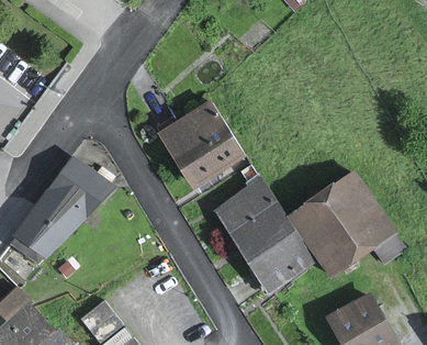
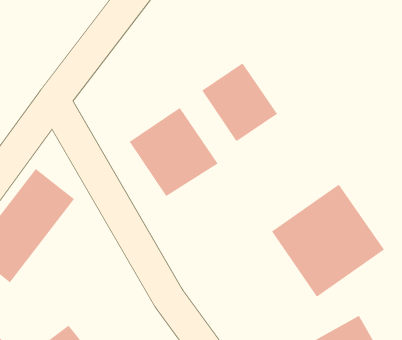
building: none -> [201,63,278,142]
building: [212,180,312,291] -> none

